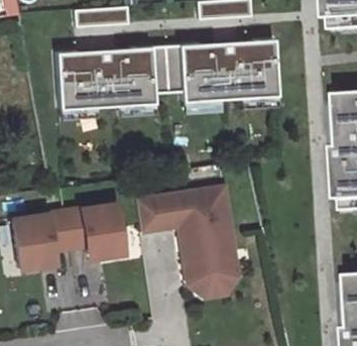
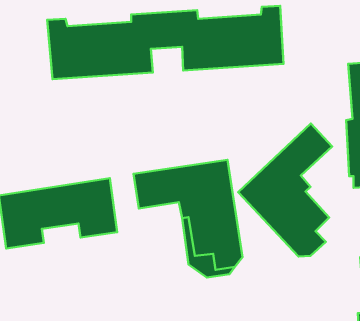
building: none -> [238,124,332,257]

